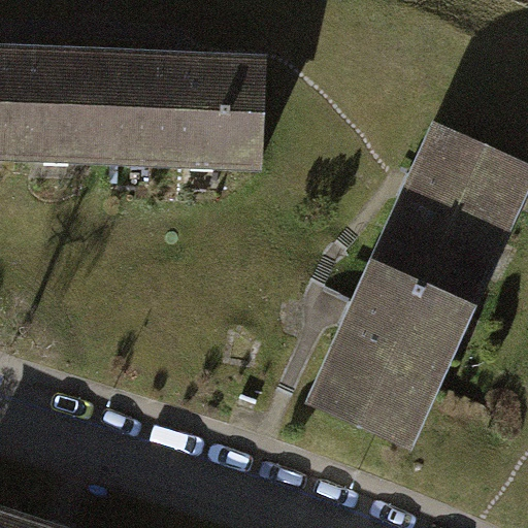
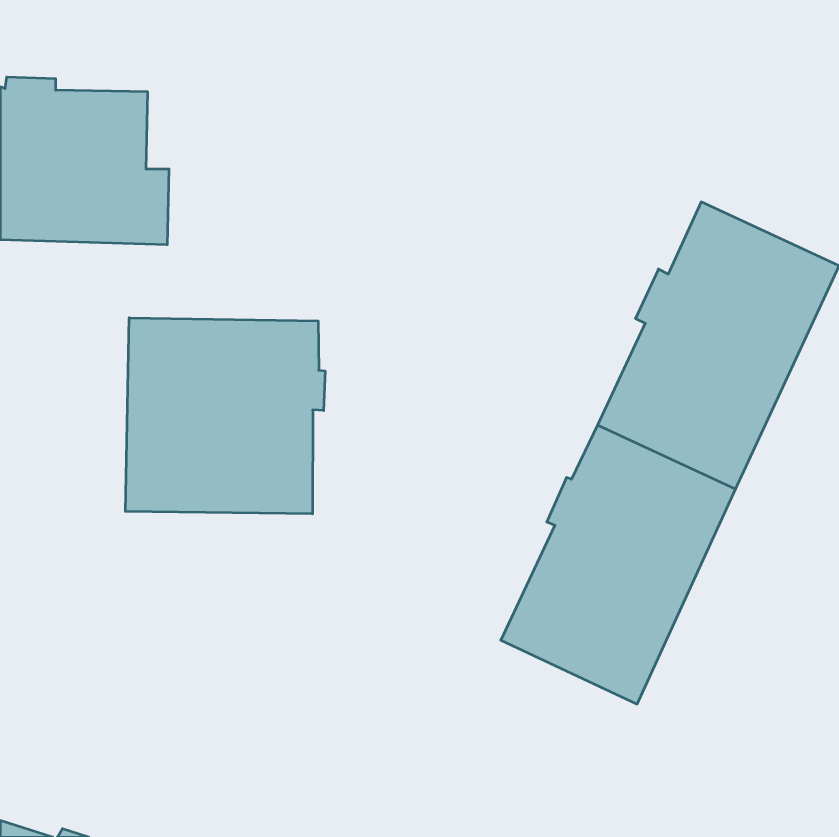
building: [92,54,261,157] -> none
building: none -> [125,318,325,514]

